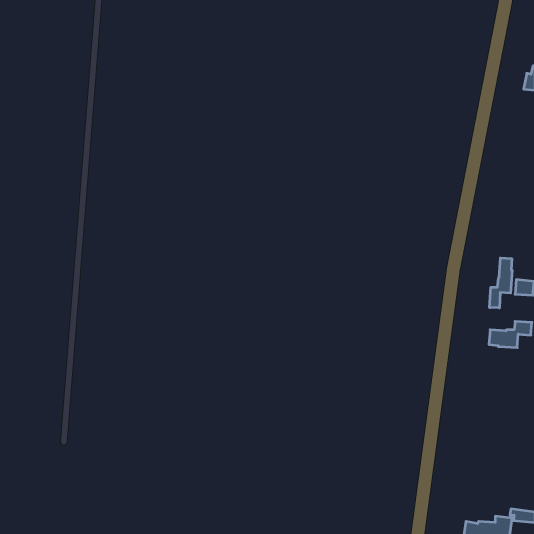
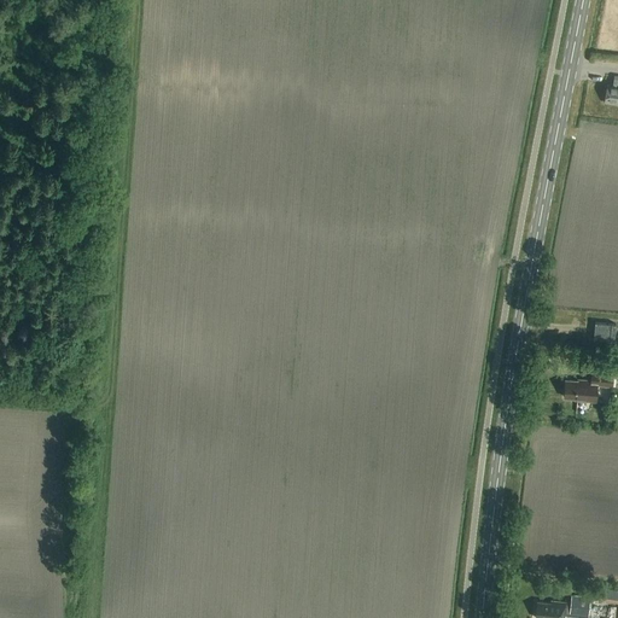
building: [490,258,512,308] -> none

